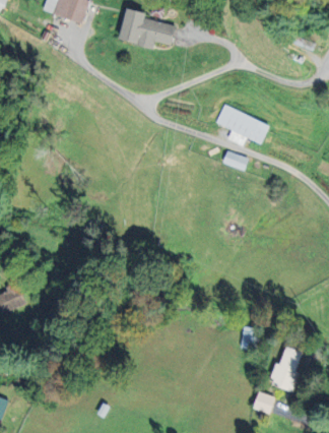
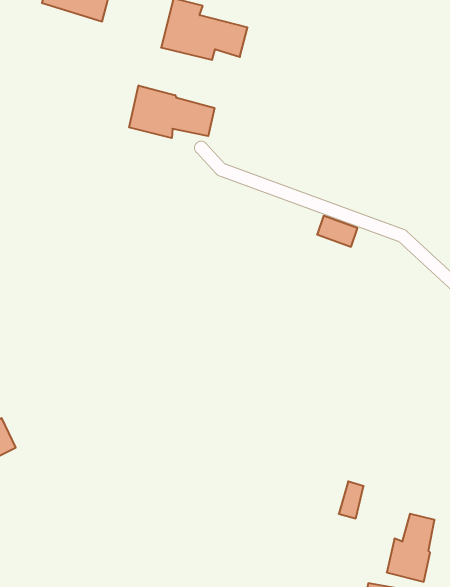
building: none -> [129,85,214,138]
building: [214,104,269,146] -> none

